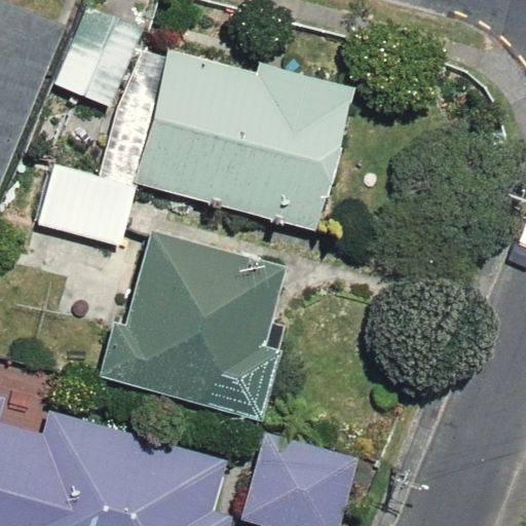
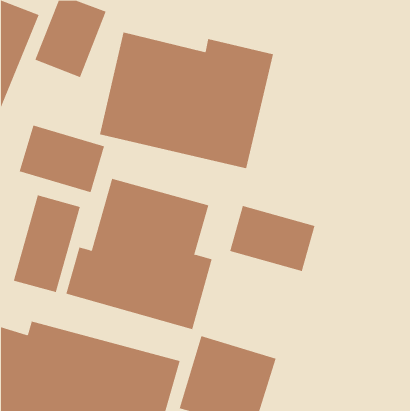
building: none -> [13,195,80,293]
building: none -> [230,205,315,272]

